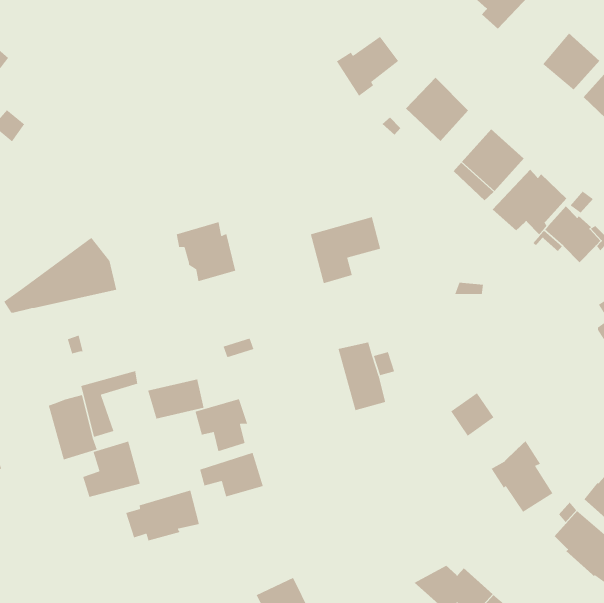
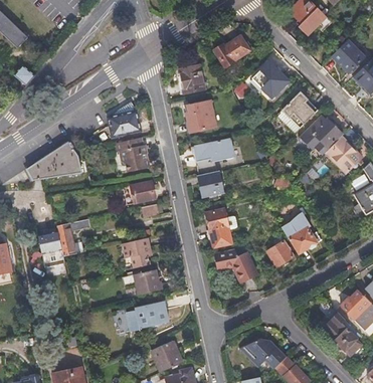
building: none -> [178,64,205,93]
building: none -> [185,101,215,132]
building: none -> [108,103,140,137]
building: none -> [196,170,224,198]
building: [147,379,205,420] -> [123,182,155,204]
building: none -> [215,250,255,281]
building: [490,440,553,513] -> [281,211,316,252]
building: [82,440,141,498] -> none
building: [125,490,200,541] -> [127,301,169,329]

